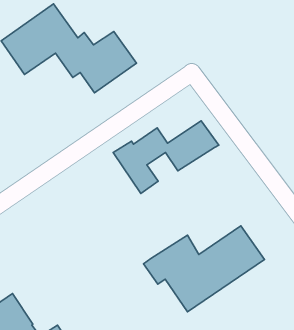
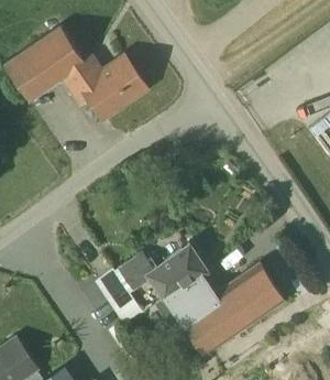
building: [113,121,219,193] -> [96,246,209,324]

